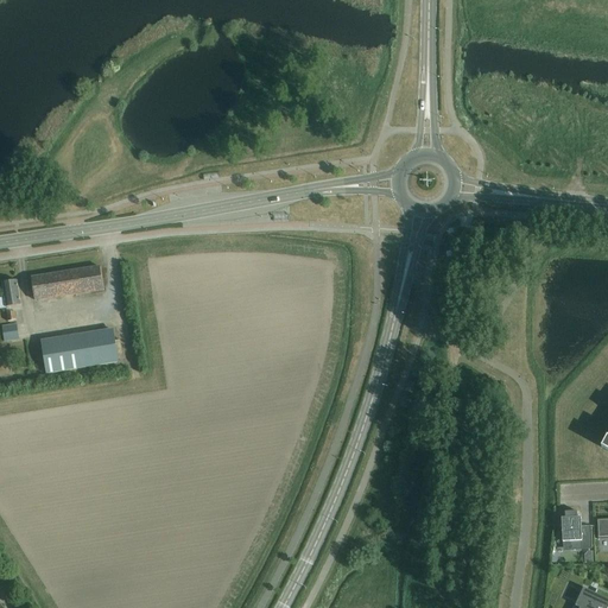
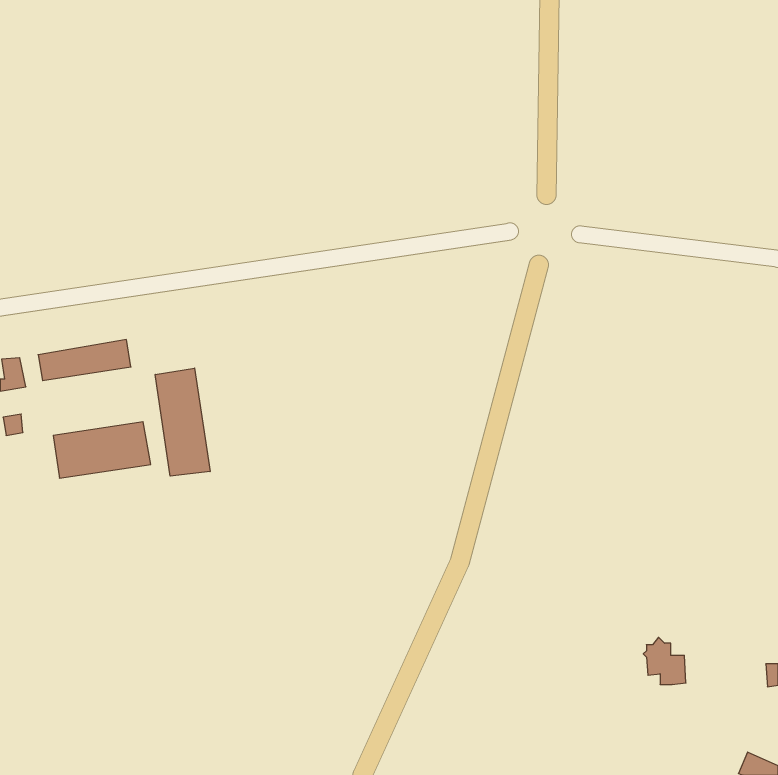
building: none -> [155,368,210,476]
building: [559,511,593,547] -> [643,637,686,684]

